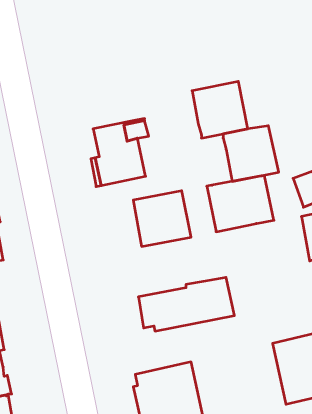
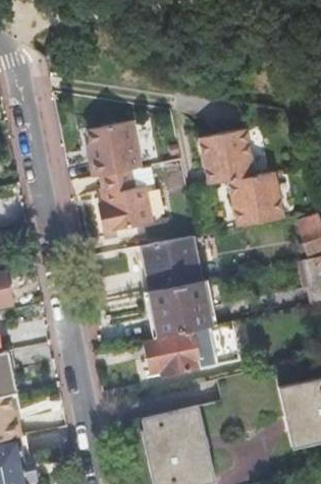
building: none -> [88,120,142,177]
building: [207,176,274,232] -> [144,282,210,337]

